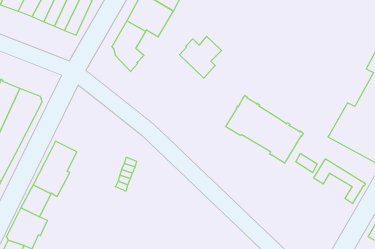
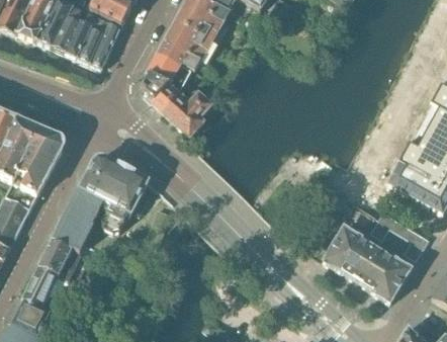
building: [180,36,222,78] -> [164,87,211,135]
building: [226,95,303,163] -> [324,224,412,301]
building: none -> [79,155,149,231]

